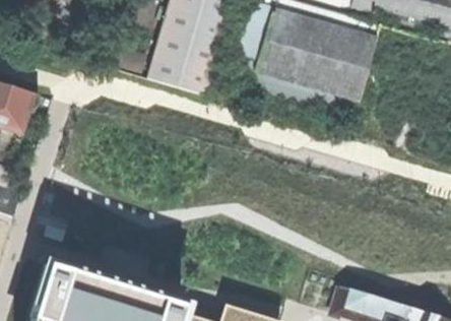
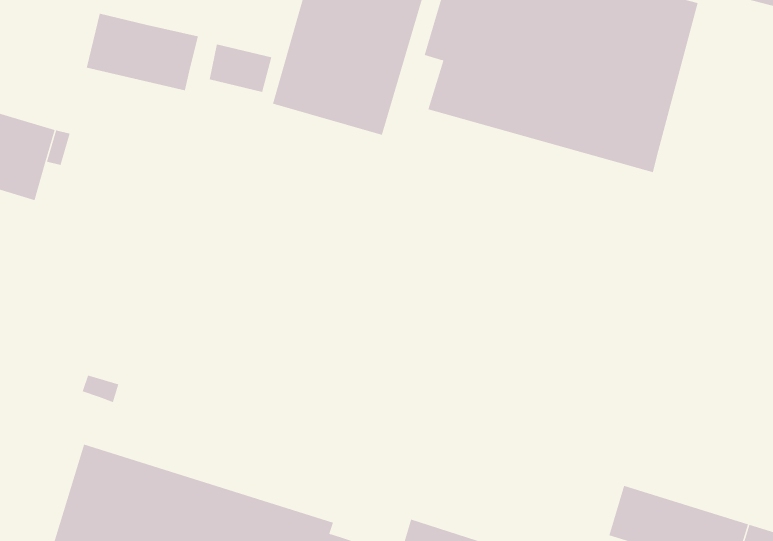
building: none -> [86,13,198,91]

